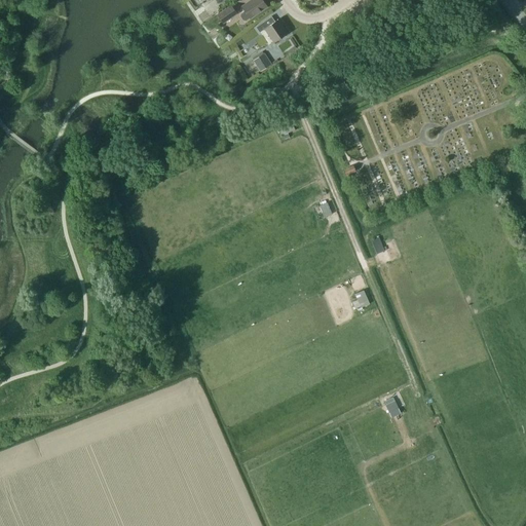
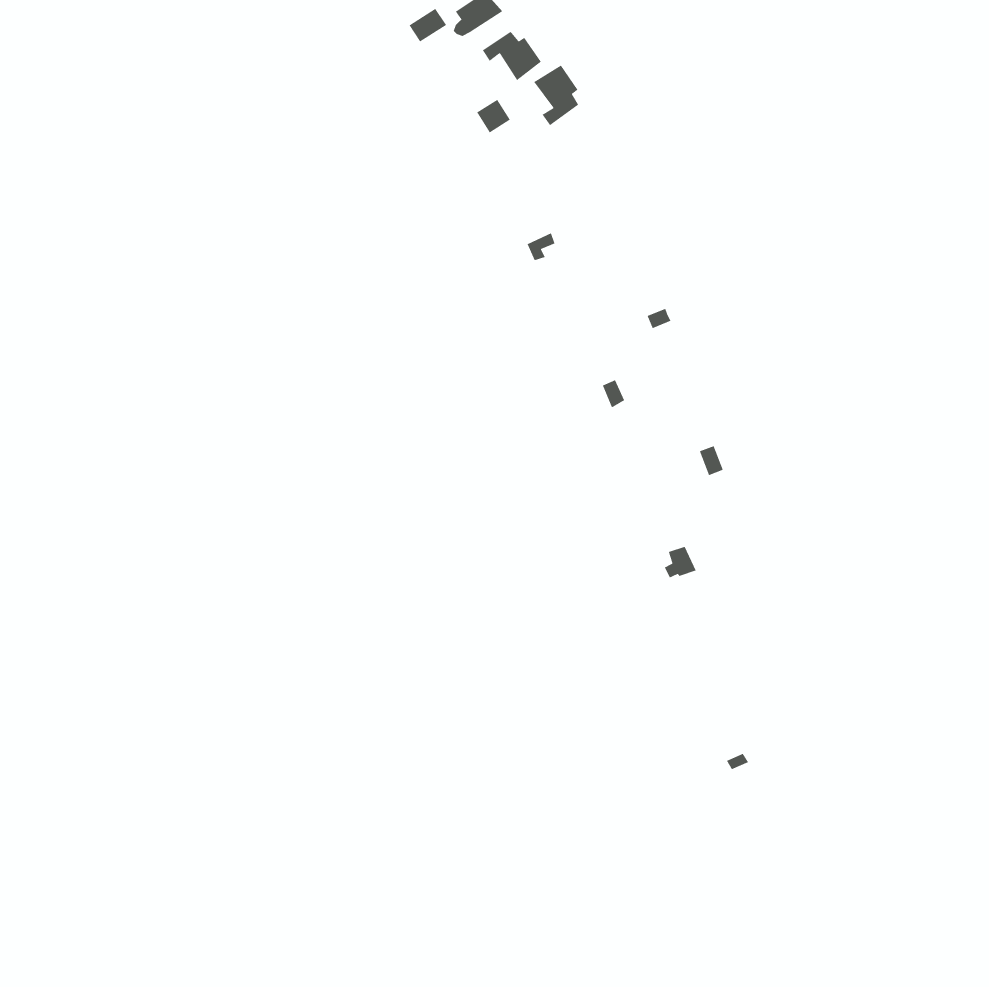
building: none -> [533,65,579,126]

